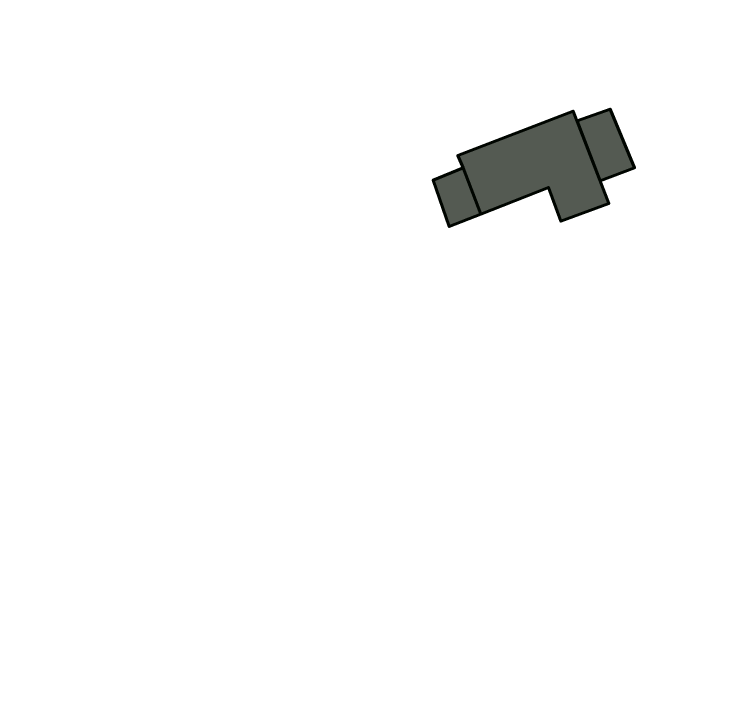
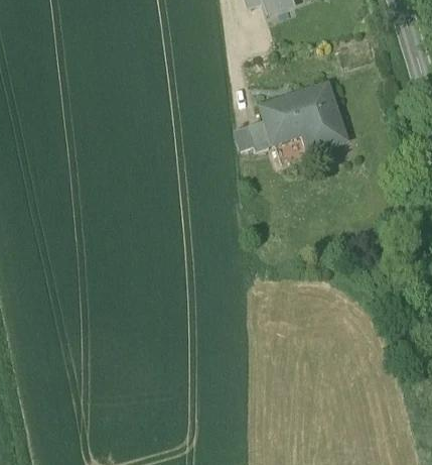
building: [577,109,635,181] -> none

